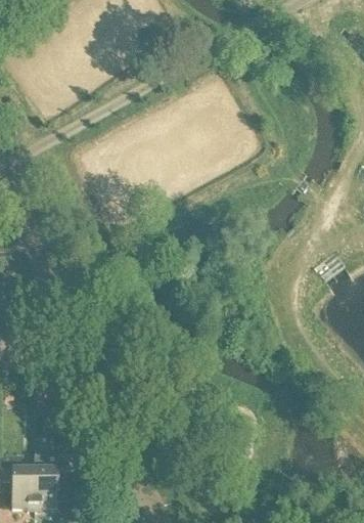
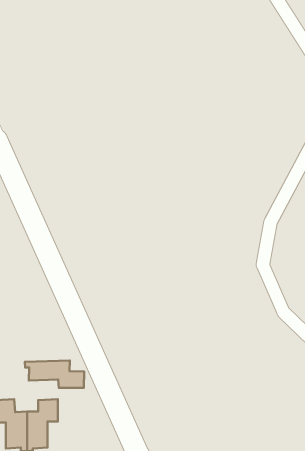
building: none -> [25,360,84,388]

